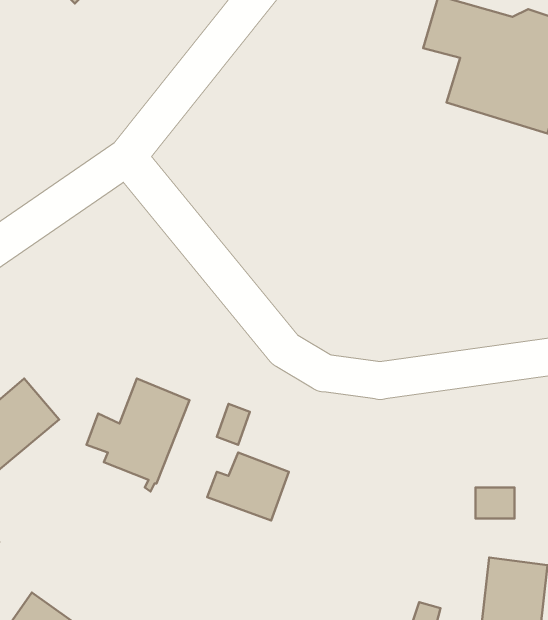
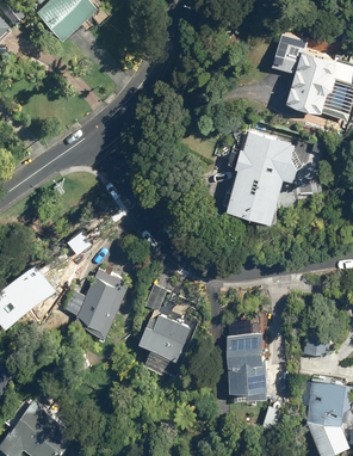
building: none -> [222,134,296,221]
building: none -> [225,334,268,394]

